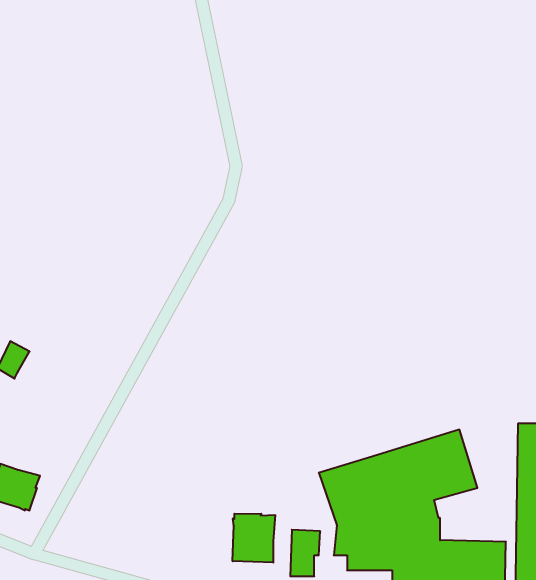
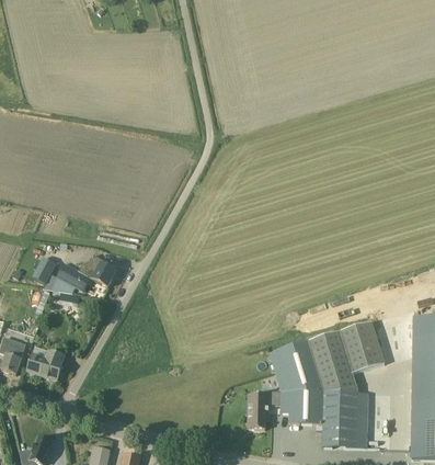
building: none -> [56,254,116,291]
building: [233,514,275,563] -> none

